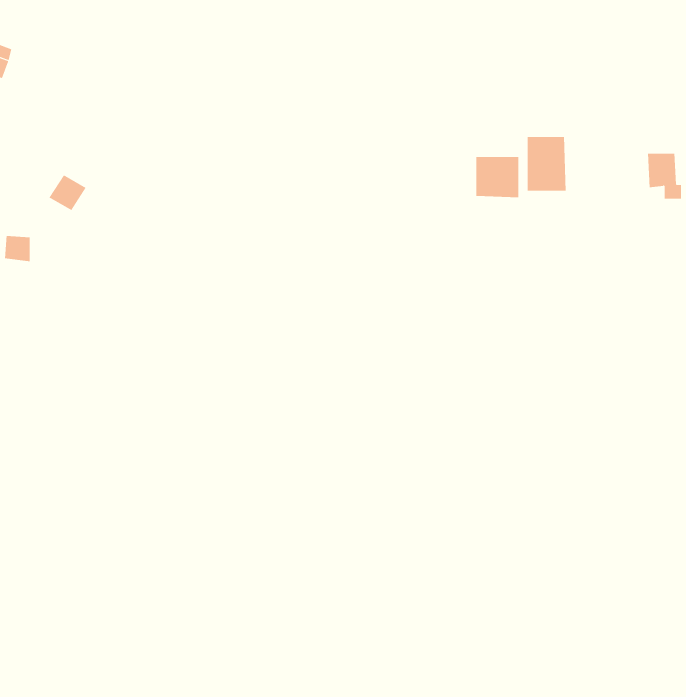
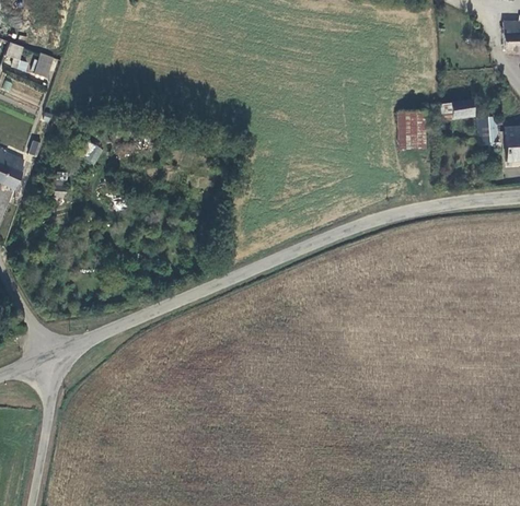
building: none -> [440,101,472,119]
building: [476,156,519,198] -> none

